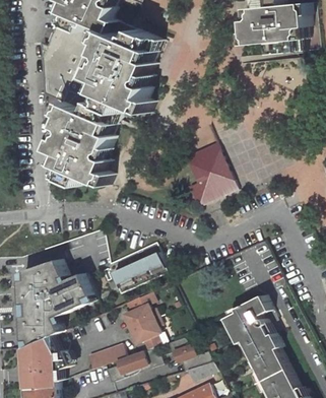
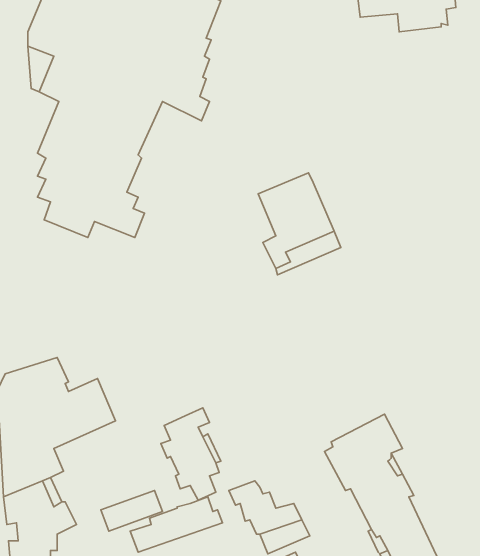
building: [109,252,165,293] -> none

